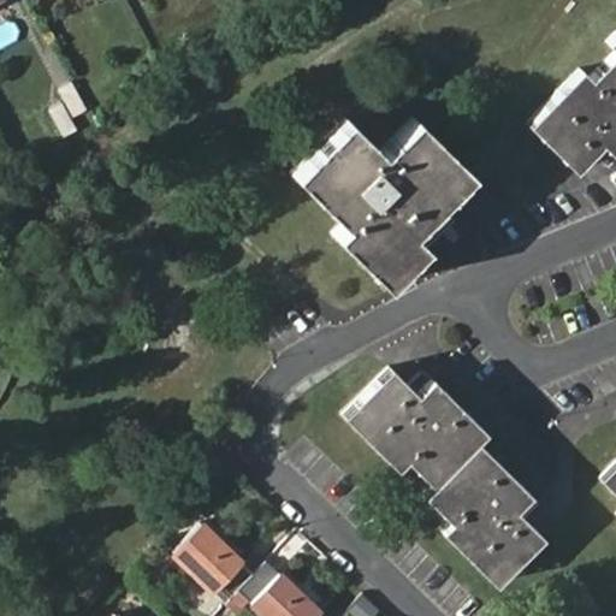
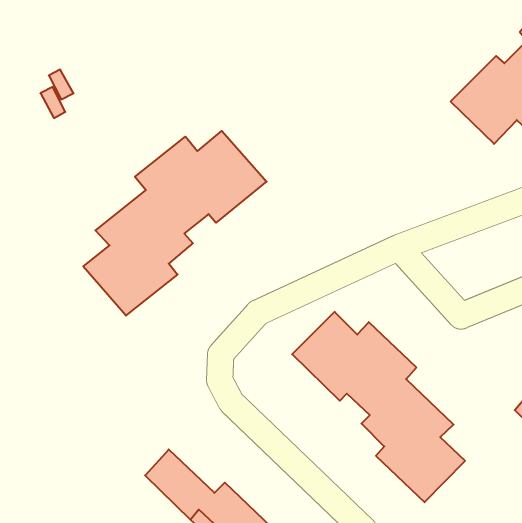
building: [296,119,478,289] -> none
building: none -> [83,131,267,316]

